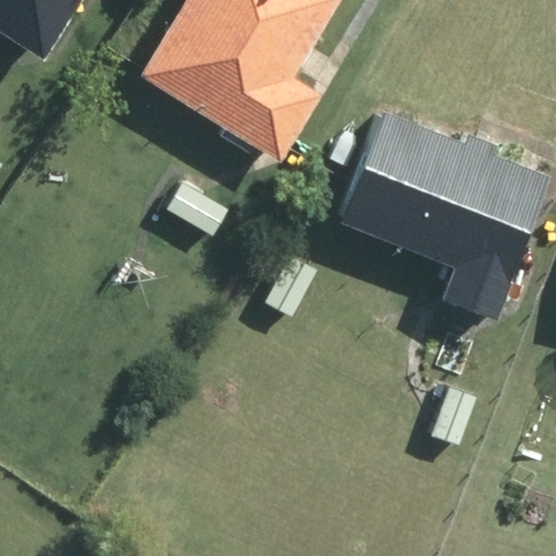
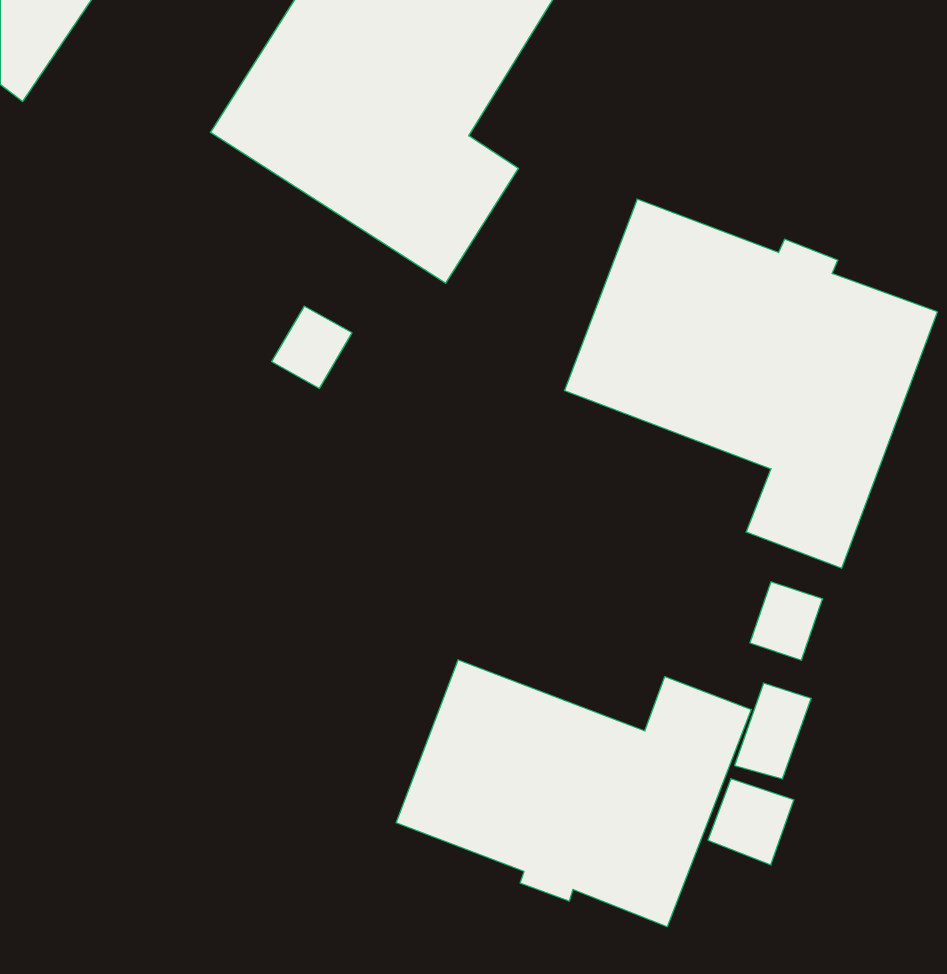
building: none -> [396,660,751,927]

